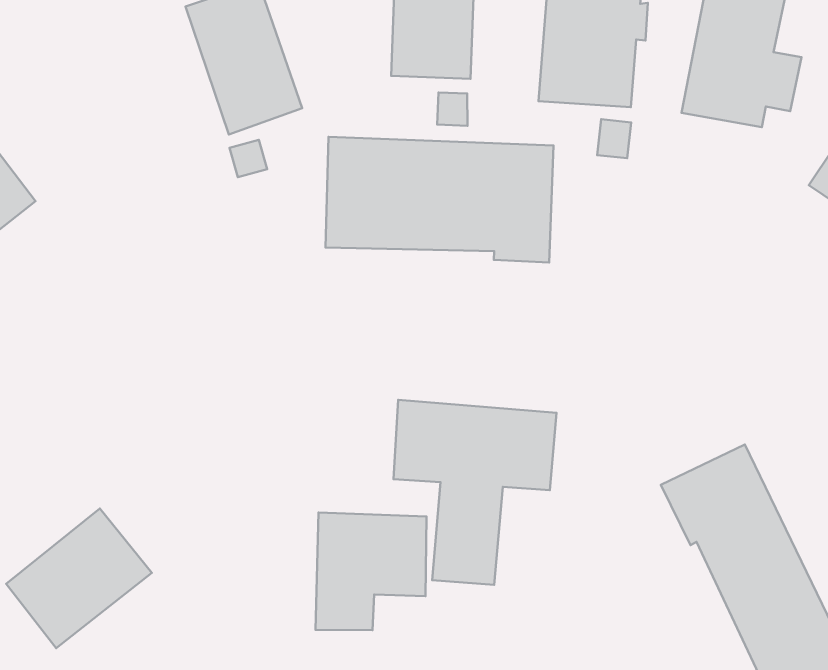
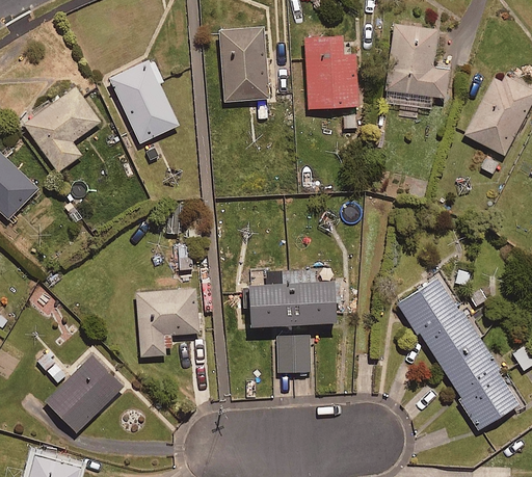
building: none -> [22,84,101,173]
building: [325,137,554,263] -> none
building: [315,512,426,630] -> [136,290,200,359]

